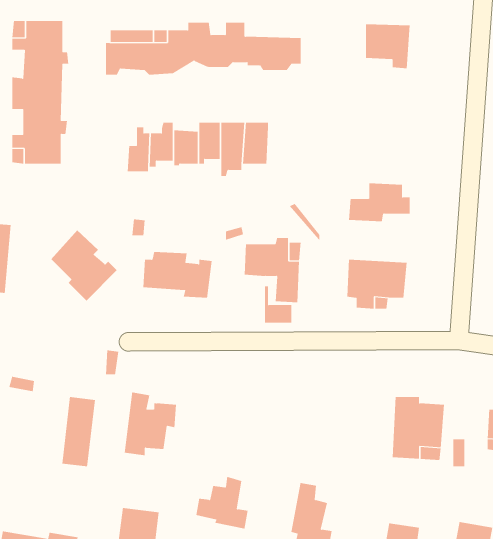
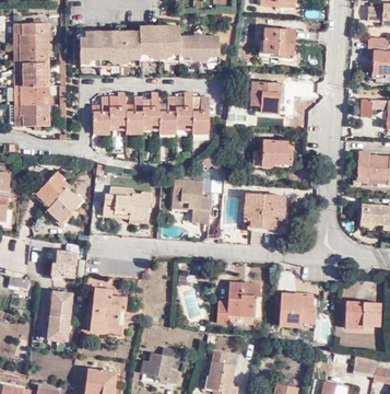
building: none -> [247,82,281,113]
building: none -> [190,101,208,132]
building: none -> [51,247,76,277]
building: none -> [216,282,262,324]

